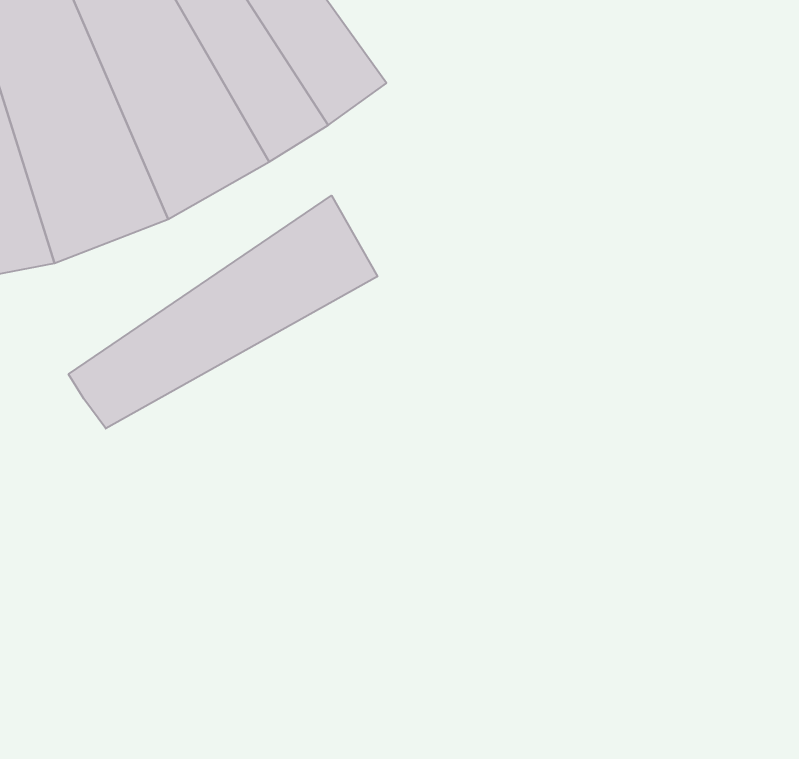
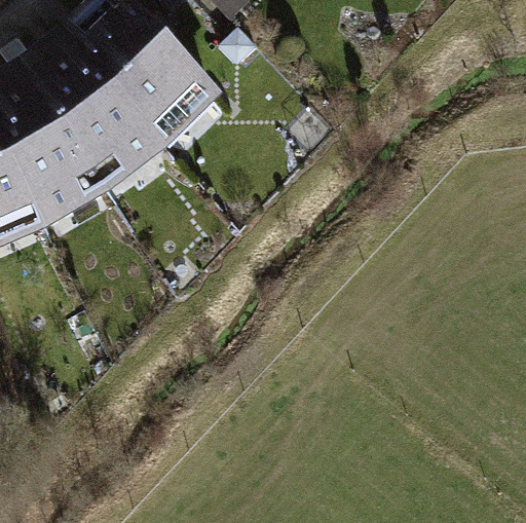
building: [69,196,377,429] -> none

